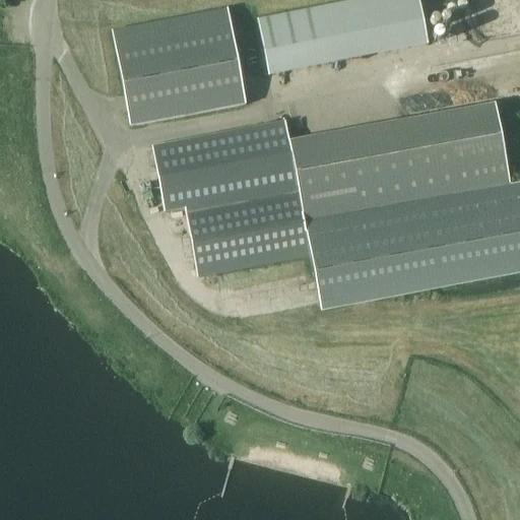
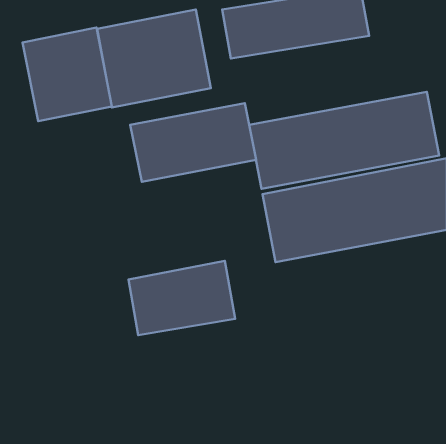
building: none -> [23,28,112,121]
building: [187,188,311,274] -> [129,261,235,335]

